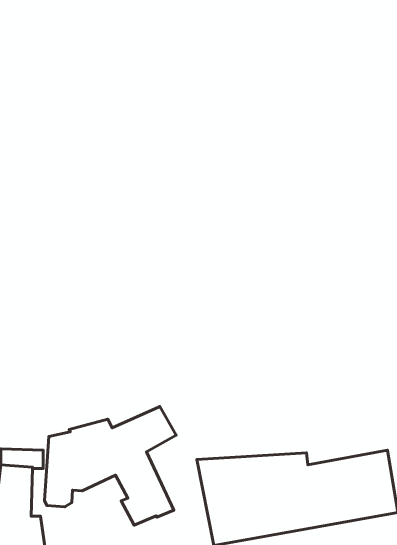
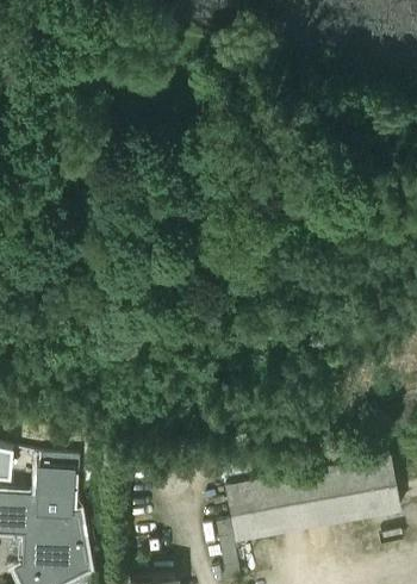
building: [45,406,176,525] -> none

